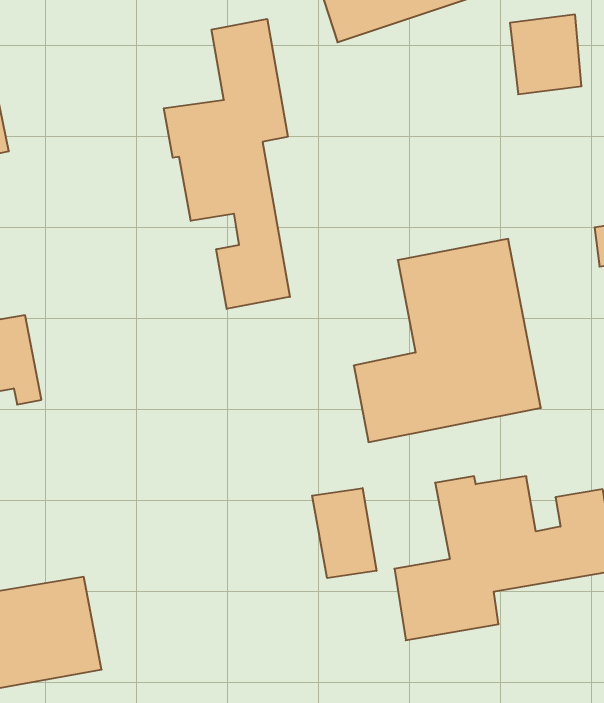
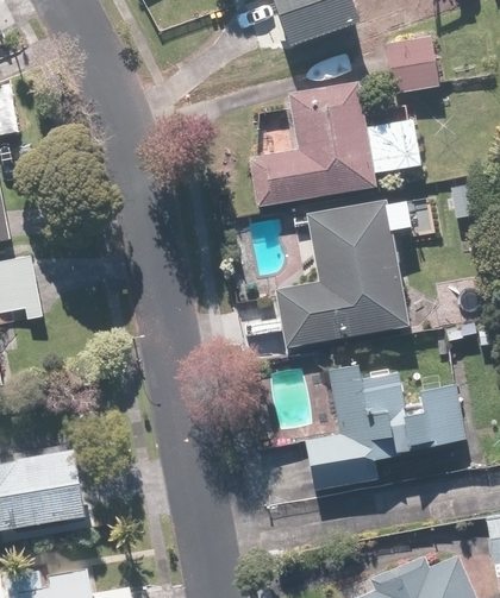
building: [164,19,290,309] -> none
building: none -> [249,81,421,206]
building: [312,488,376,578] -> none

